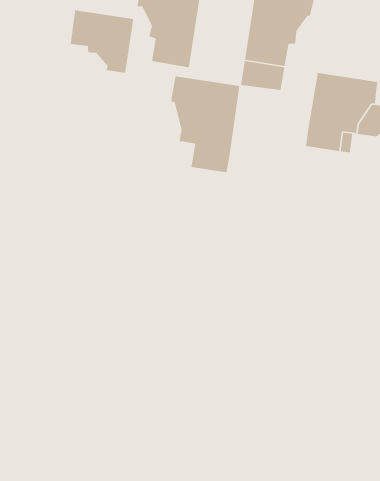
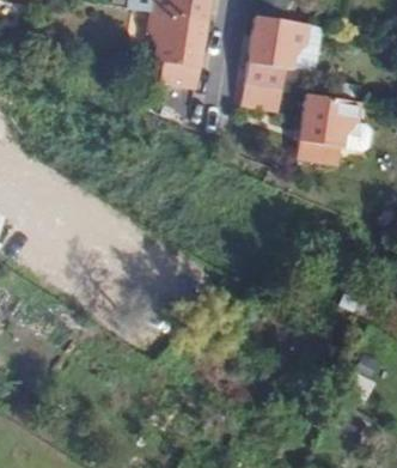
building: [70,9,134,74] -> none
building: [170,75,240,173] -> none

